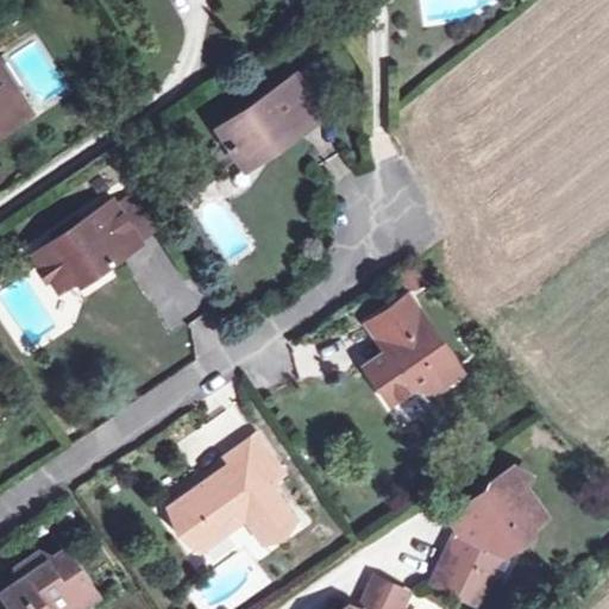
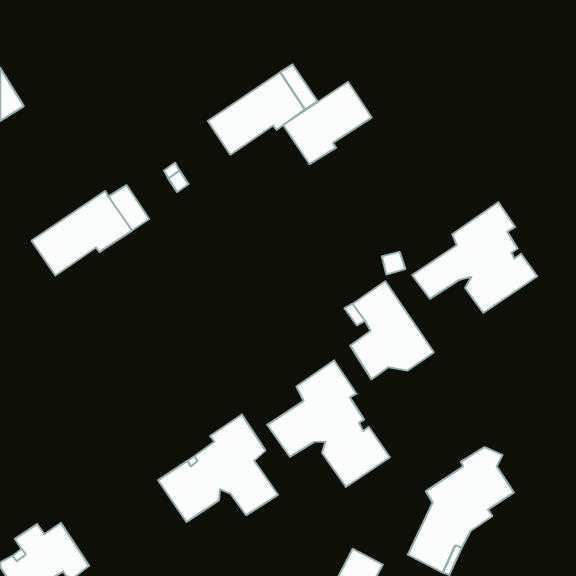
building: none -> [283,82,372,164]
building: none -> [412,202,537,313]
building: none -> [267,360,390,487]

